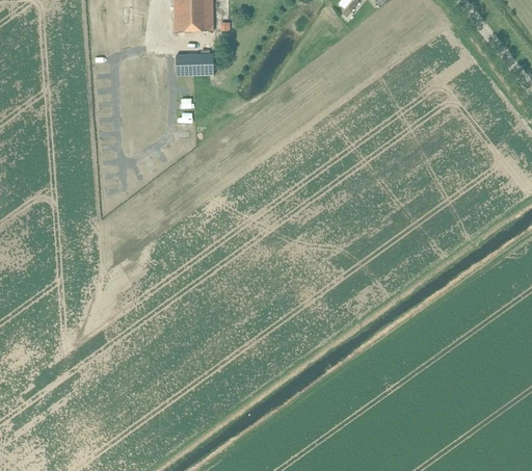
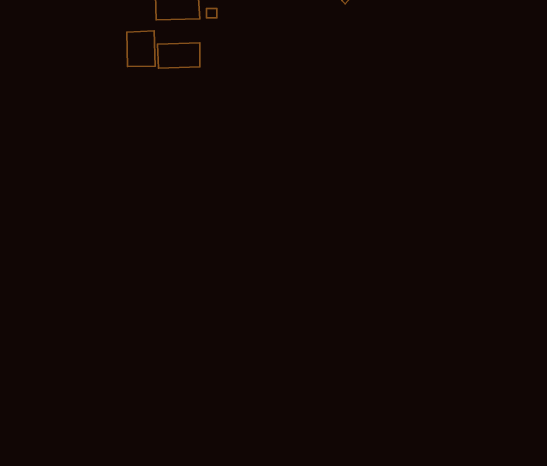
building: none -> [127,31,155,66]

